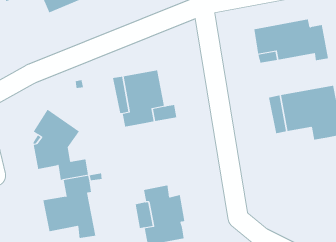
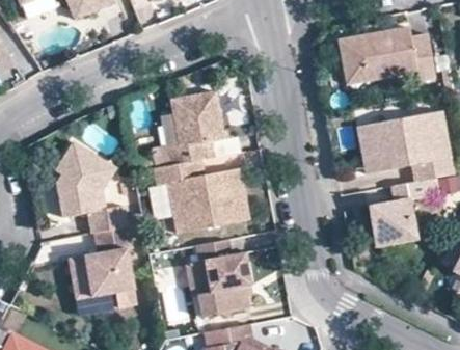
building: none -> [156,160,249,233]
building: none -> [369,179,436,246]

